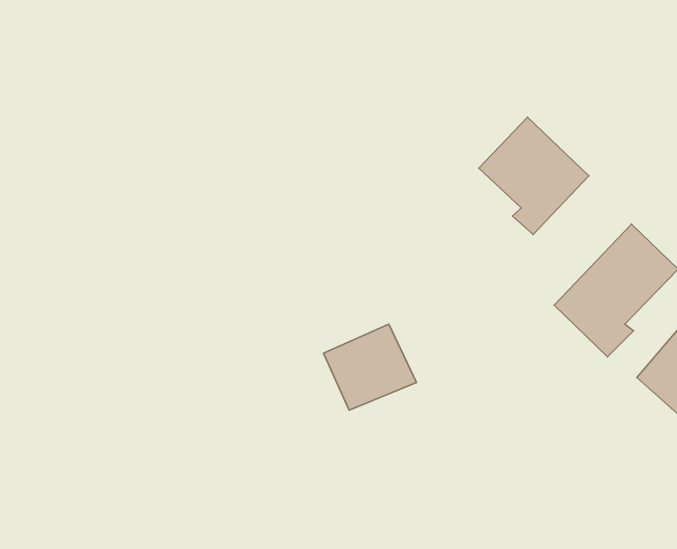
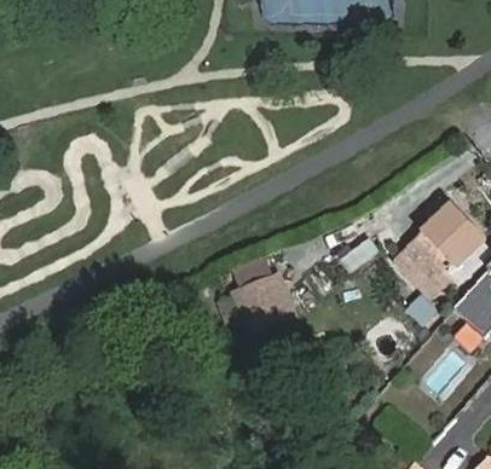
building: [479,117,589,235] -> none

